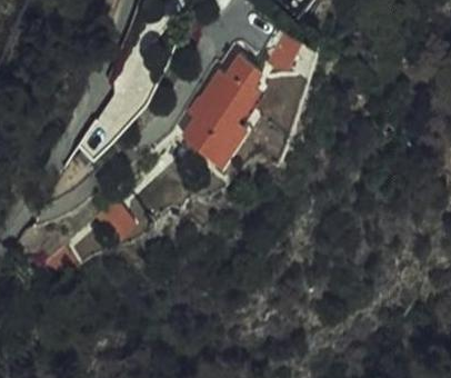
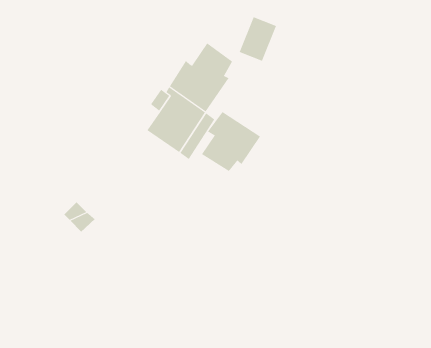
building: none -> [201,111,261,172]

